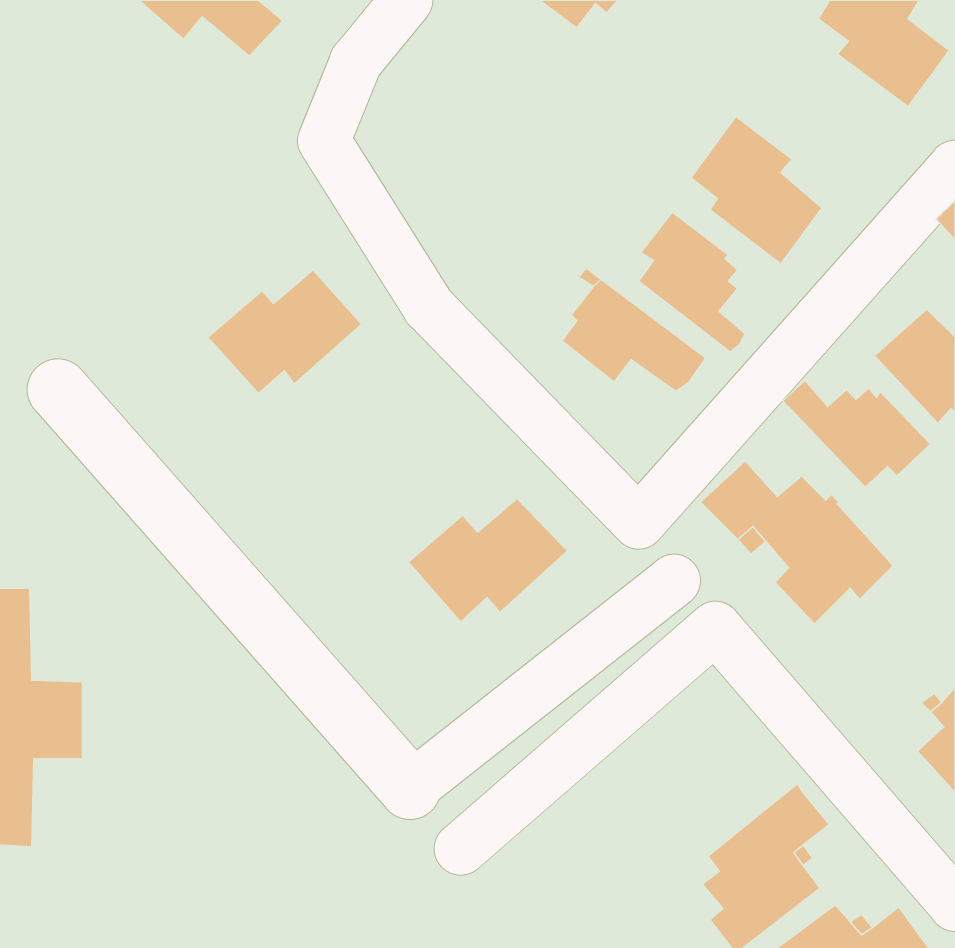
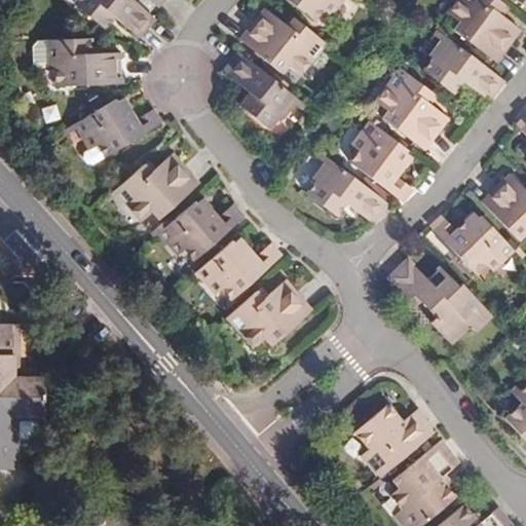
building: none -> [245,11,329,76]
building: none -> [421,35,504,102]
building: none -> [46,39,119,84]
building: none -> [226,54,298,129]
building: none -> [74,102,160,155]
building: none -> [158,202,243,259]
building: none -> [197,242,281,298]
building: none -> [352,401,431,475]

